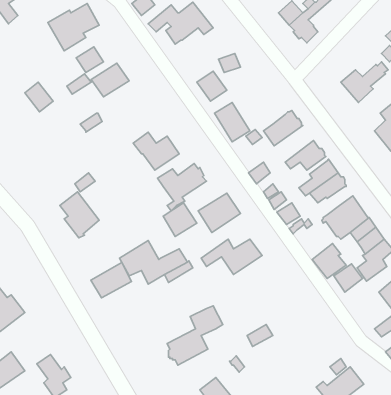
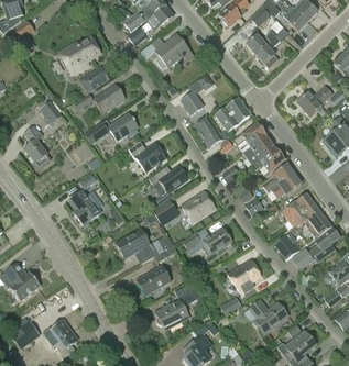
building: none -> [215,98,251,133]
building: none -> [107,112,139,141]
building: none -> [24,126,51,169]
building: none -> [242,135,274,165]
building: [91,262,131,298] -> [137,266,170,295]
building: none -> [227,258,261,293]
building: none -> [249,300,287,334]

